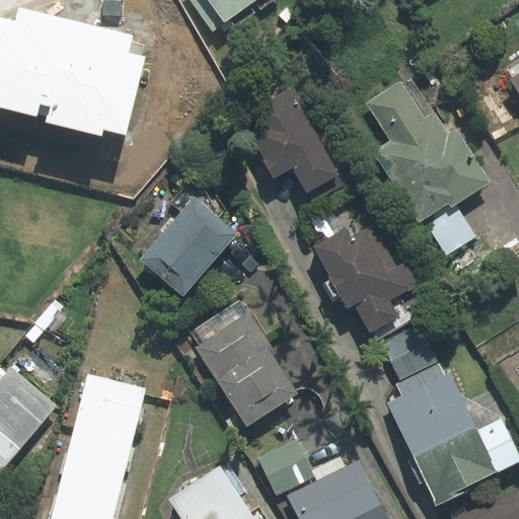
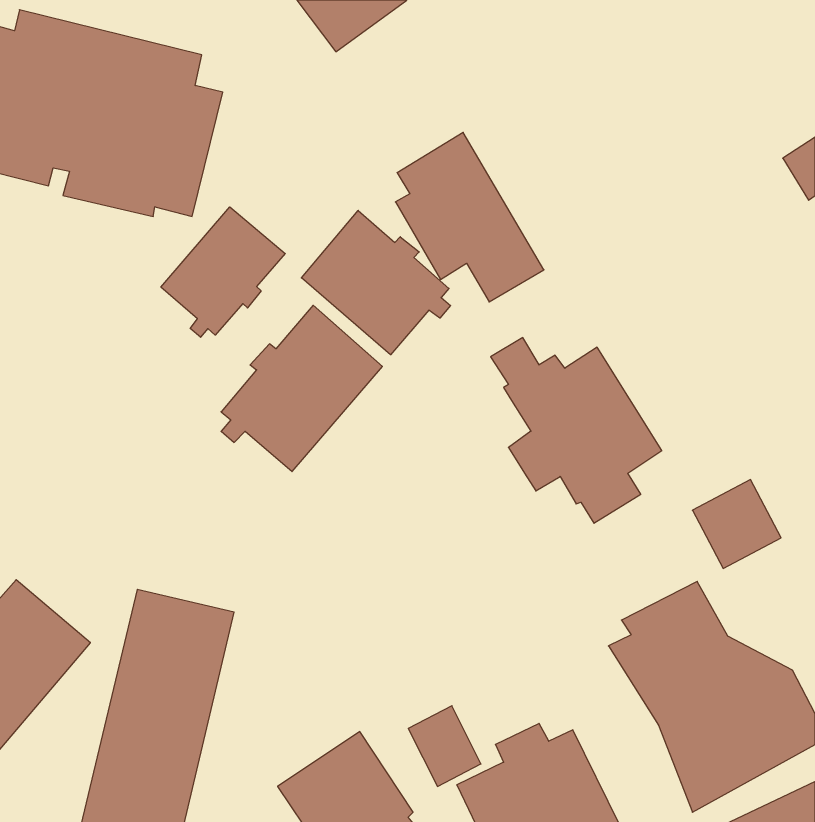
building: [366,81,494,256] -> none
building: none -> [161,207,285,337]
building: none -> [301,210,451,355]
building: [189,298,303,426] -> none
building: [381,324,437,380] -> [692,480,781,568]

